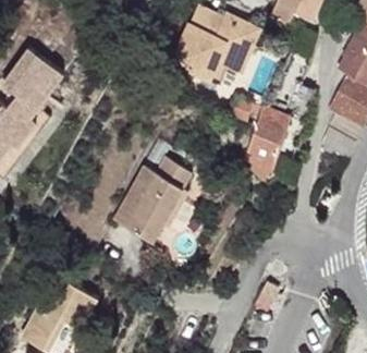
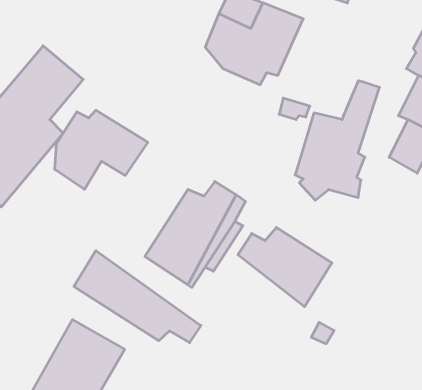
building: none -> [55,110,148,189]
building: none -> [238,227,332,307]
building: none -> [74,251,201,343]

